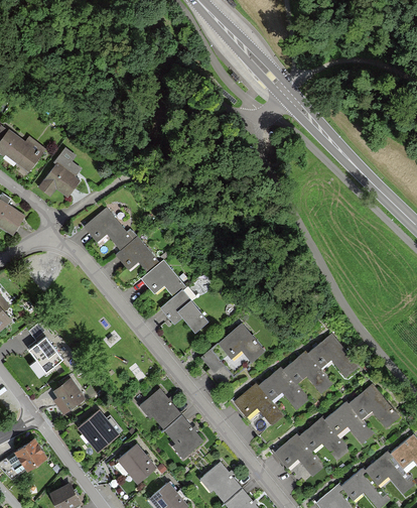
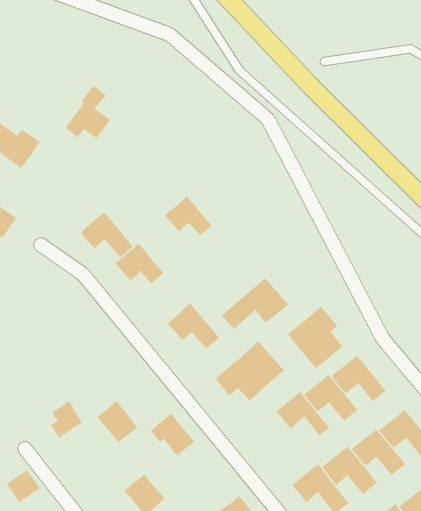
building: [41,146,83,195] -> [65,85,111,139]
building: [140,261,183,297] -> [164,195,213,236]
building: none -> [221,277,289,330]
building: none -> [286,306,343,369]
building: [26,341,62,378] -> none
building: [231,384,282,429] -> none
building: [82,410,119,449] -> [97,400,139,443]
building: [168,414,204,456] -> none

